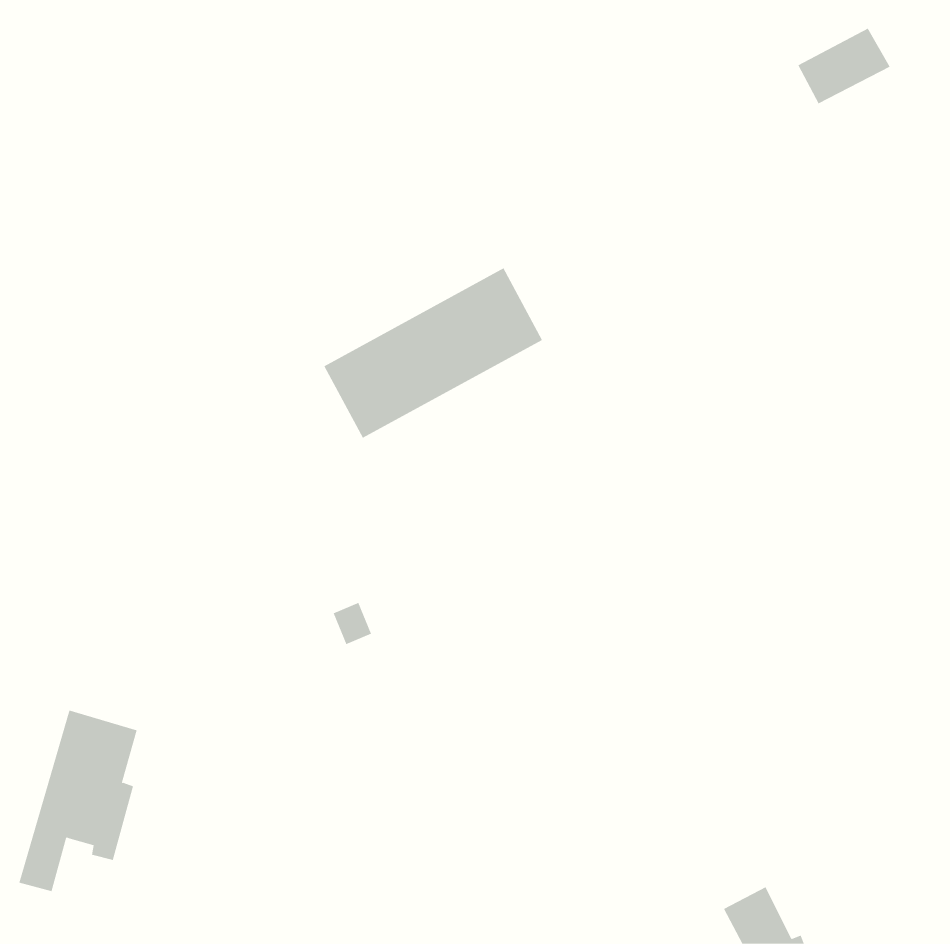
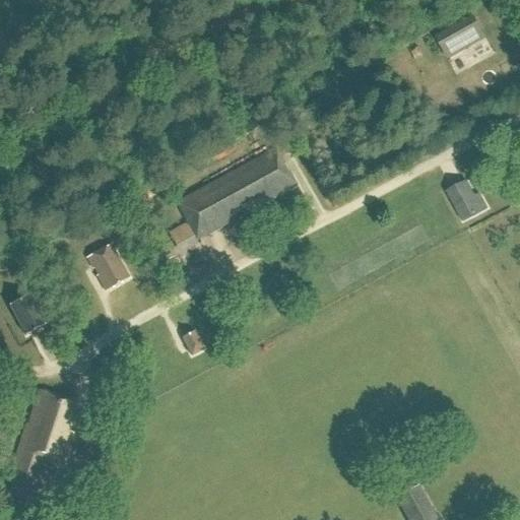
building: none -> [447,180,488,219]
building: none -> [87,244,129,289]
building: none -> [10,294,45,332]

